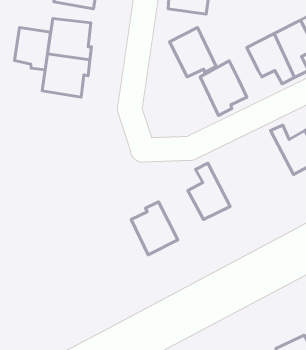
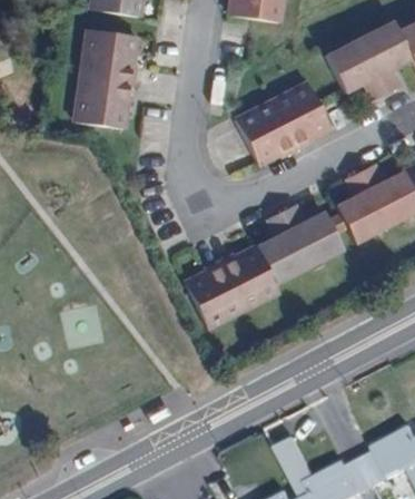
building: [15,28,51,70] -> none
building: [169,28,216,77] -> [237,101,296,164]
building: none -> [338,169,391,242]
building: none -> [283,203,343,265]
building: none -> [220,245,280,307]

